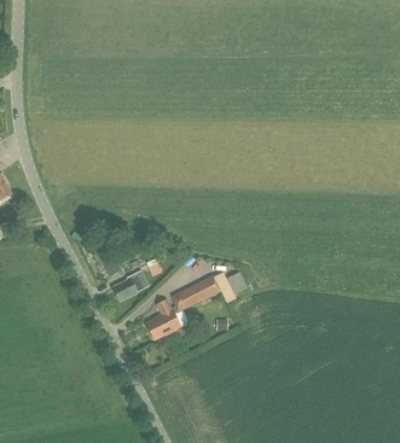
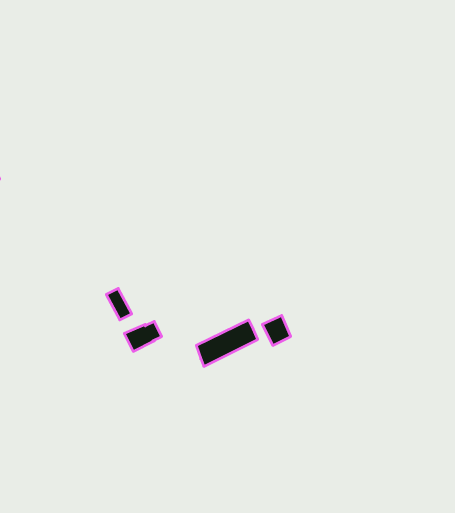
building: [145,299,180,339] -> none

